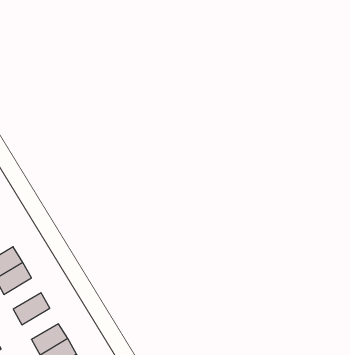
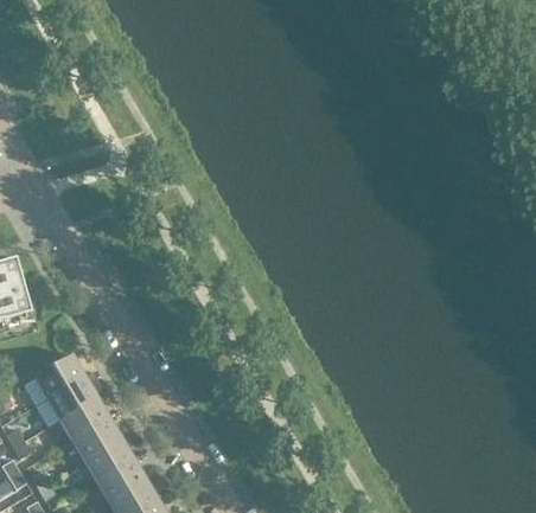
building: none -> [58,397,109,440]
building: none -> [83,438,133,481]

